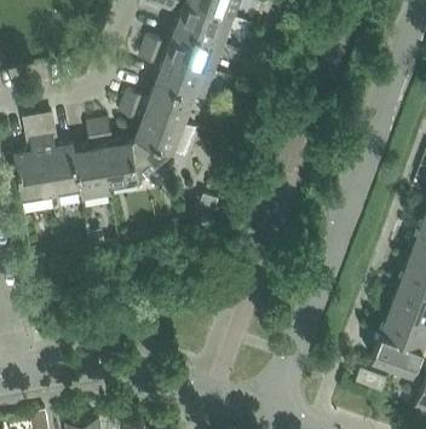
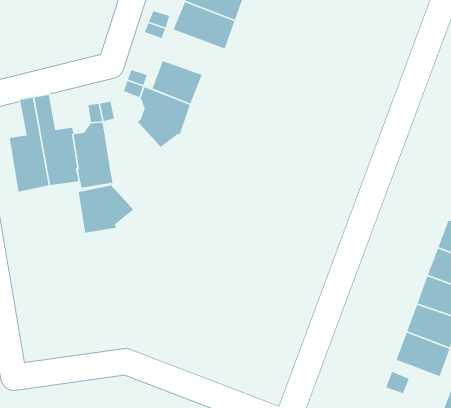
building: [155,56,213,102] -> none
building: [102,140,154,186] -> [78,184,134,234]

